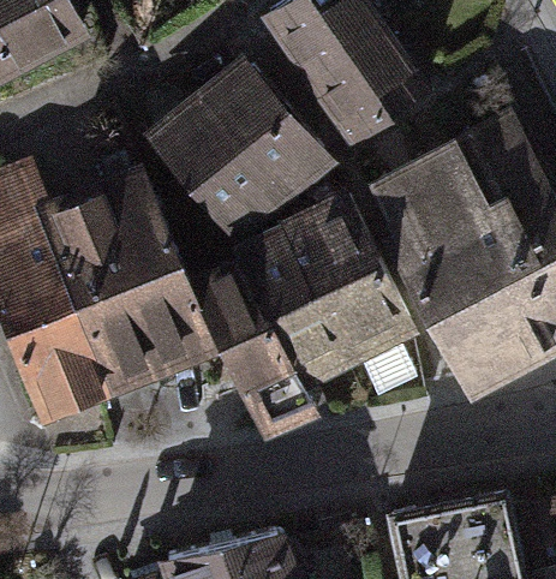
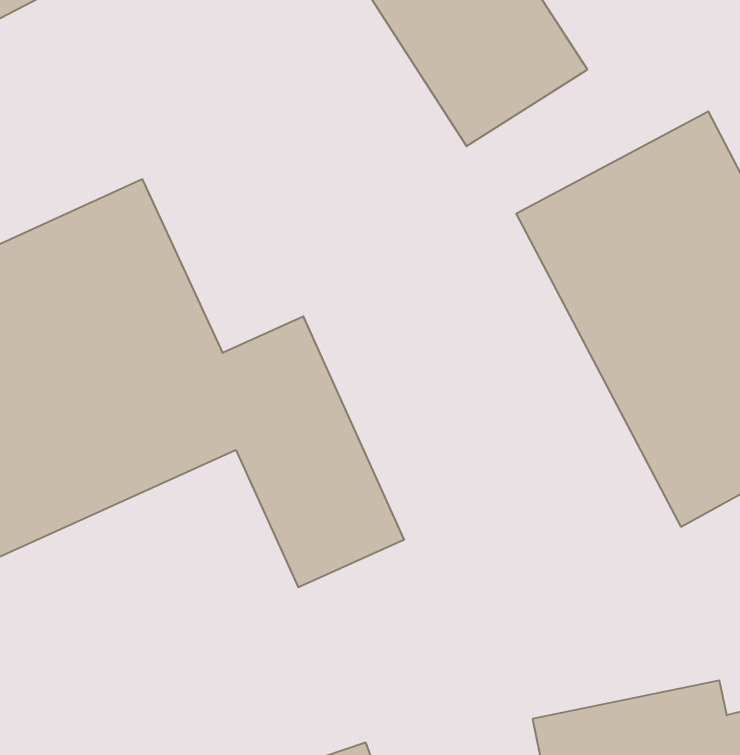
building: [149,60,323,235] -> none
building: [252,197,412,377] -> none

